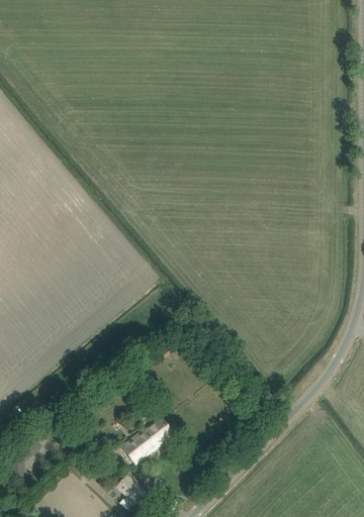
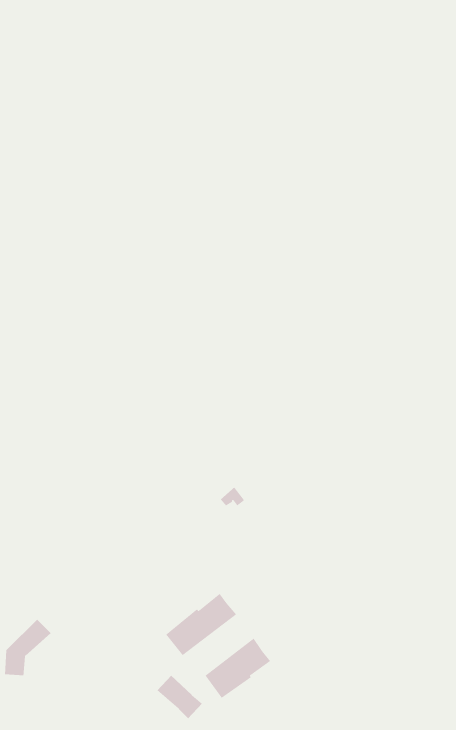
building: none -> [204,638,271,699]

